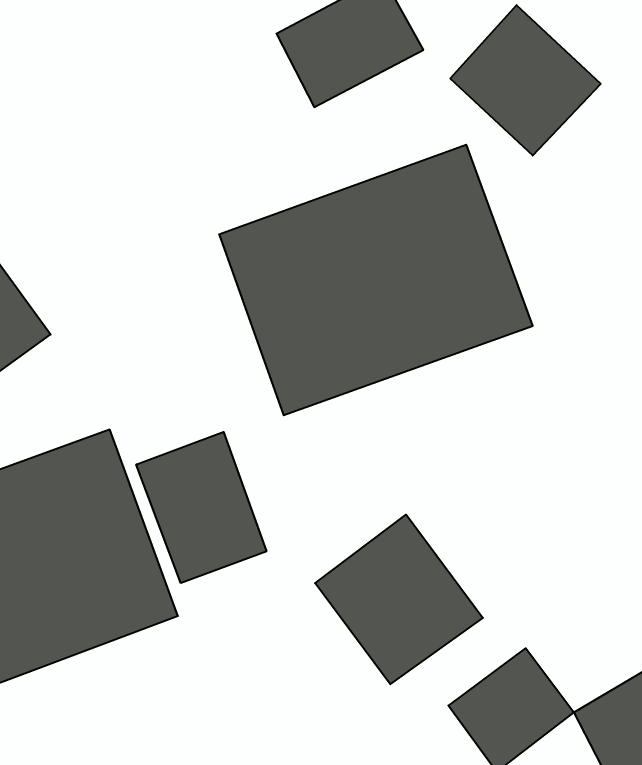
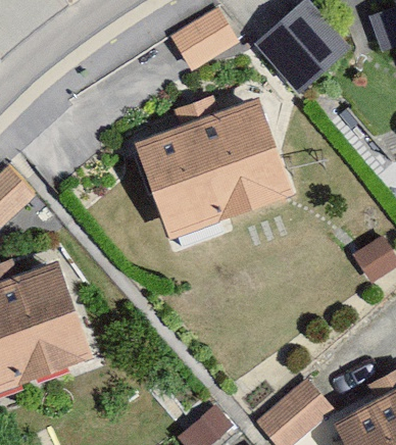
building: [136,432,266,583] -> none
building: [315,515,483,684] -> none

